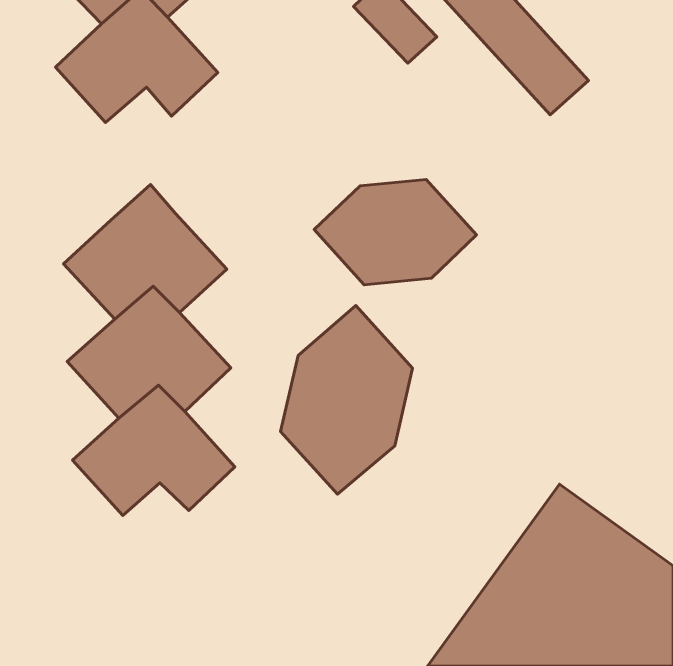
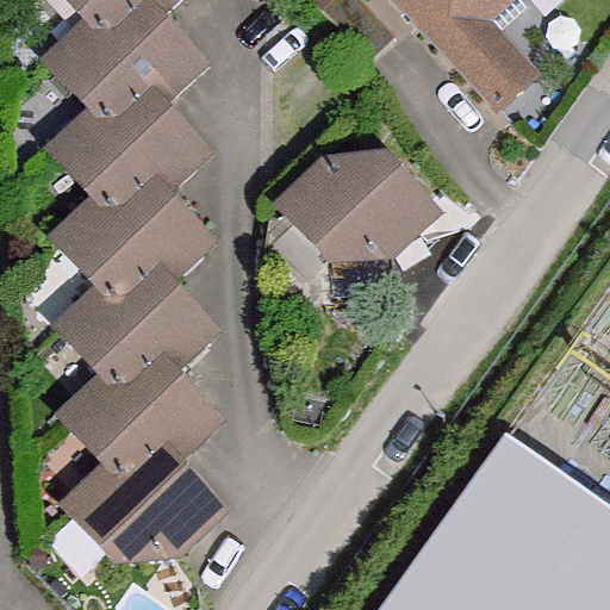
building: none -> [54,79,201,199]
building: [281,306,412,494] -> none
building: none -> [68,436,216,555]

